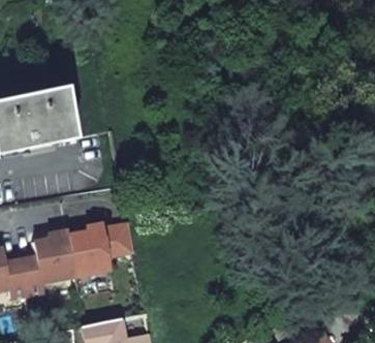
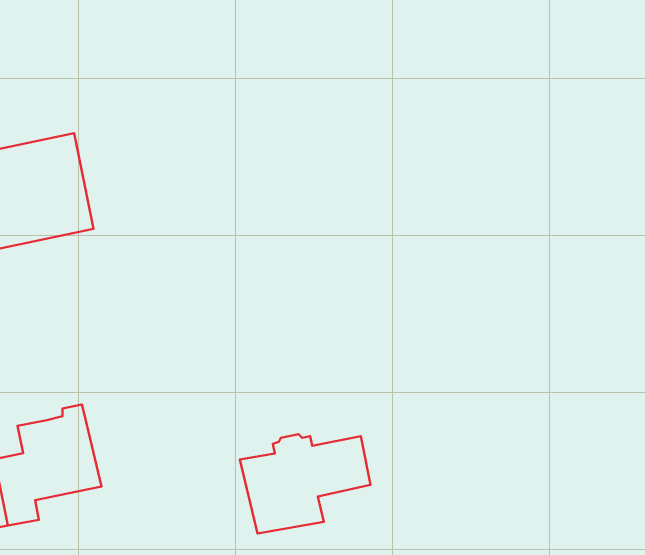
building: [66,221,135,274] -> [240,434,371,534]

